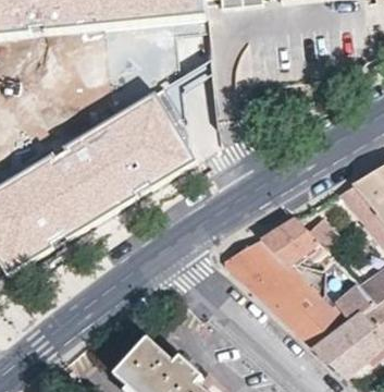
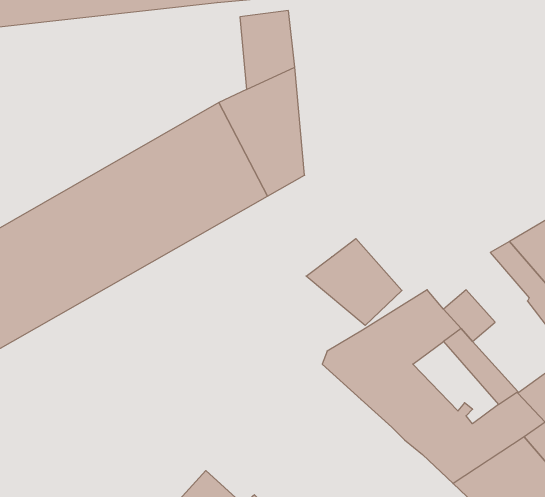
building: none -> [306,239,402,325]

